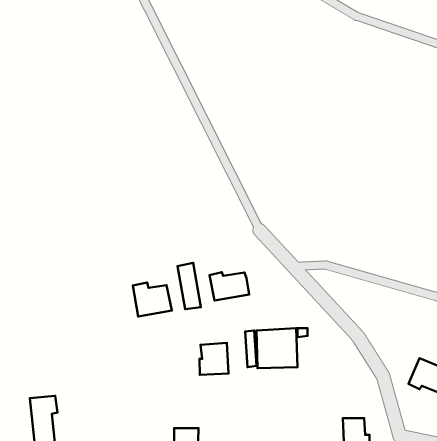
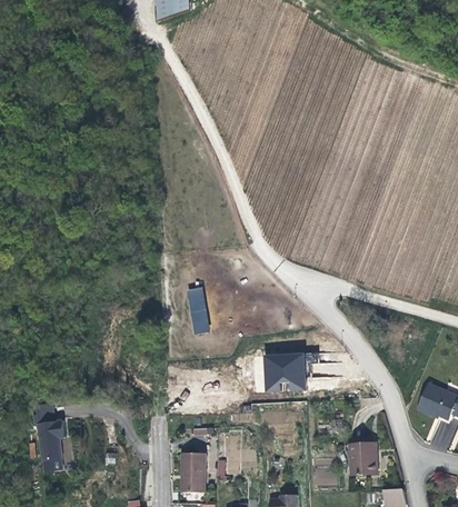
building: [210,272,249,301] -> none
building: [133,283,172,316] -> none
building: [200,343,229,375] -> none

